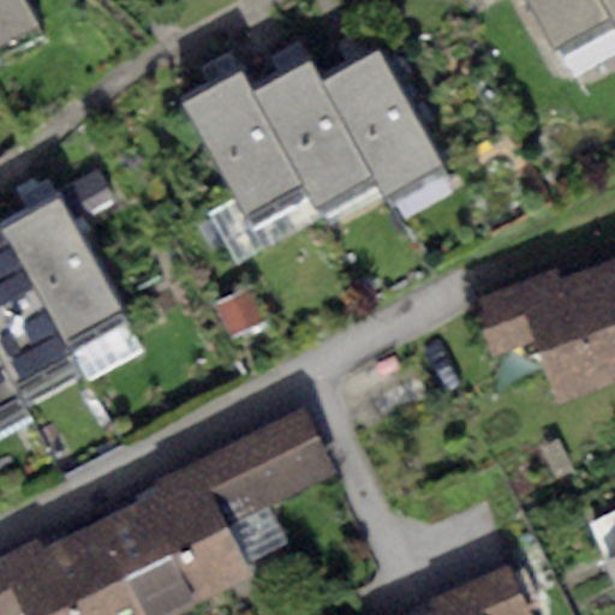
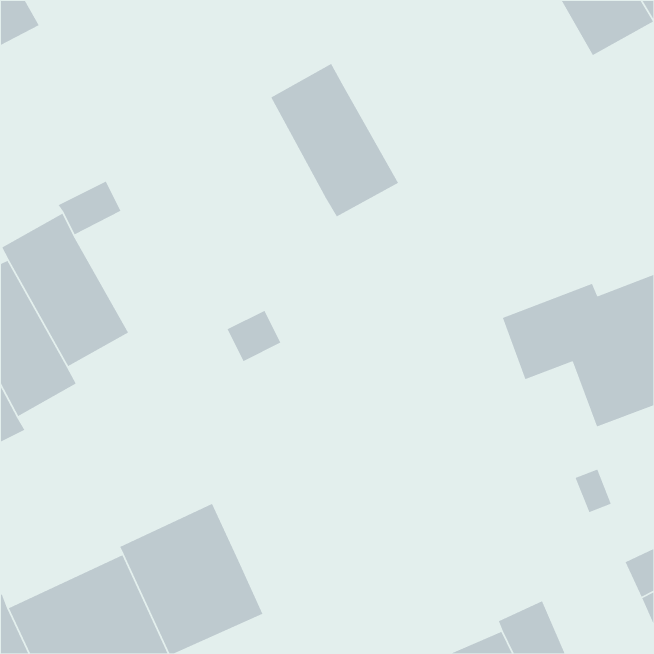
building: [323,49,441,192] -> none
building: [184,72,305,219] -> none
building: [195,411,336,526] -> none

